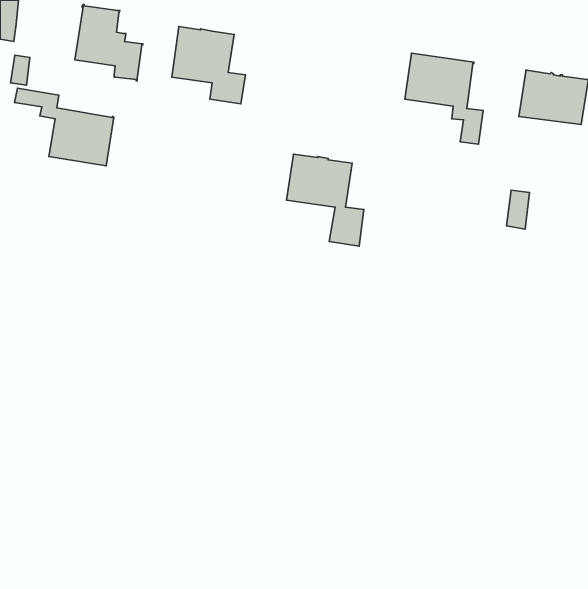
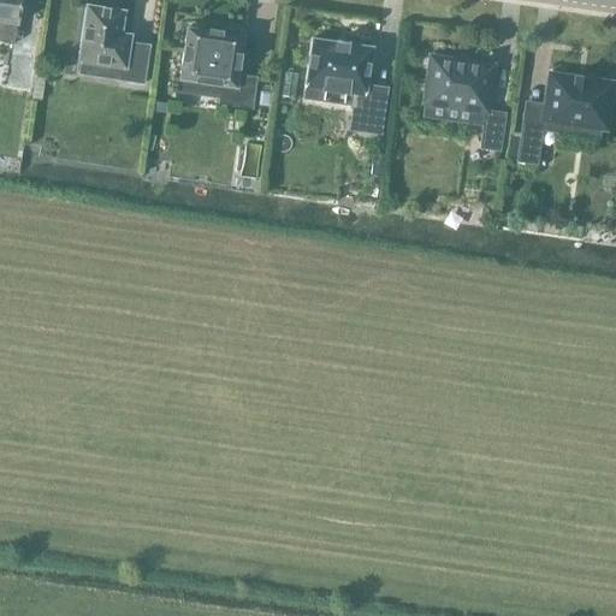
building: [15,88,114,166] -> none
building: [287,154,364,246] -> [306,38,386,135]
building: [507,190,530,229] -> [519,124,543,165]

